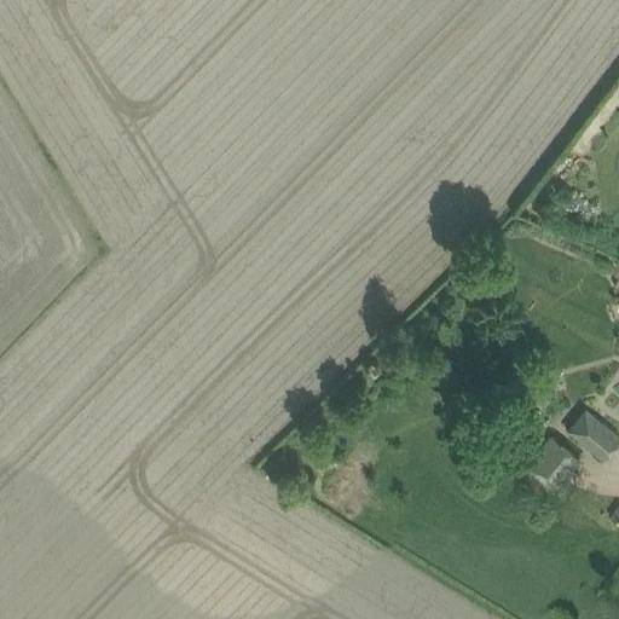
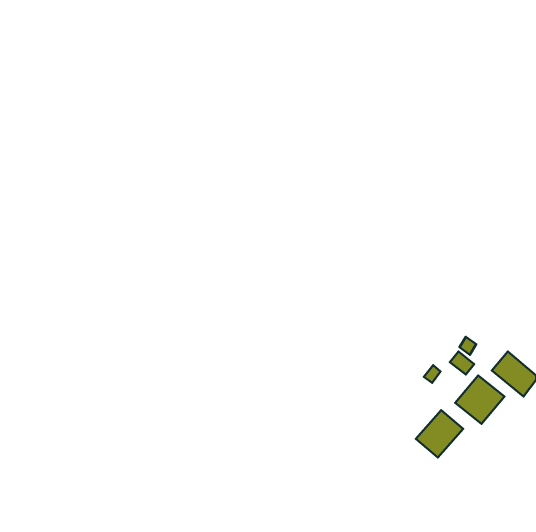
building: none -> [416,410,463,458]

